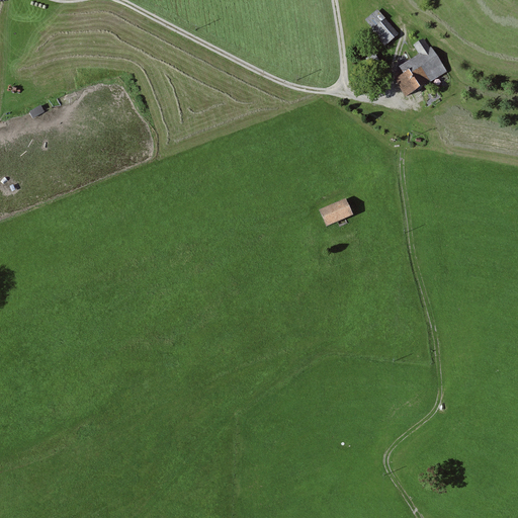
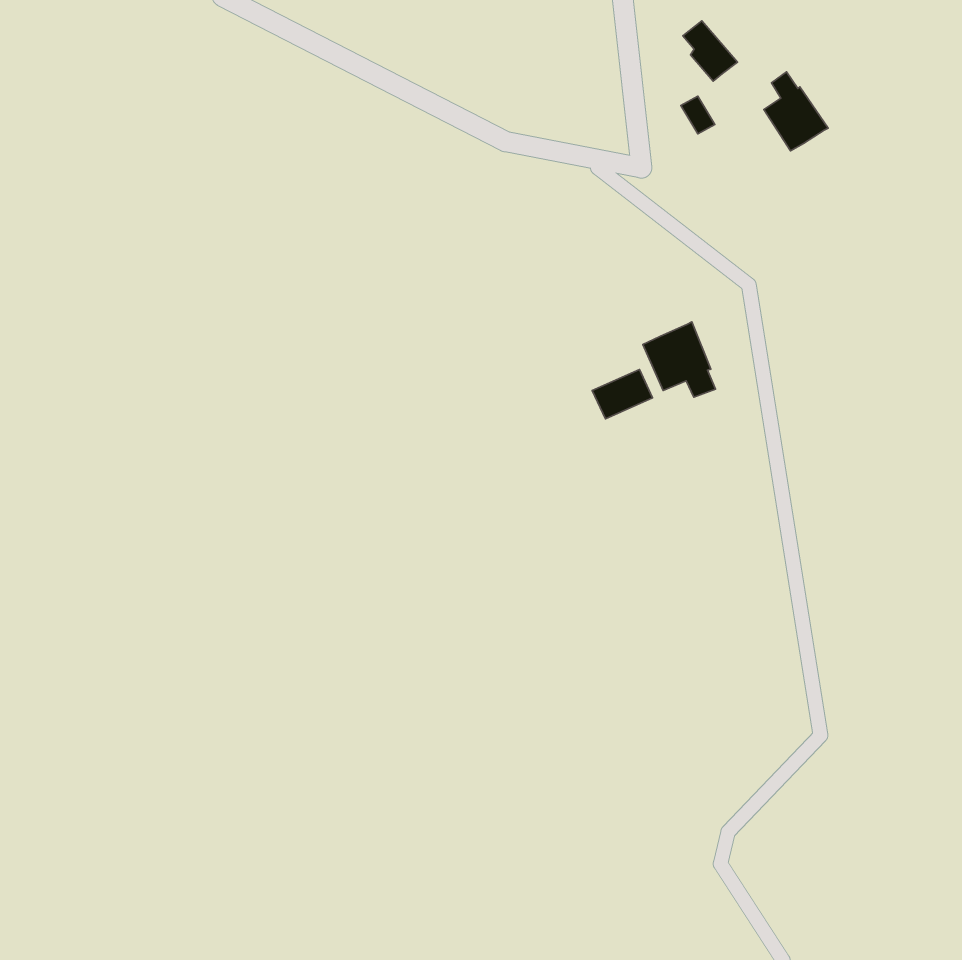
building: [395,59,425,94] -> none
building: none -> [643,322,715,397]

